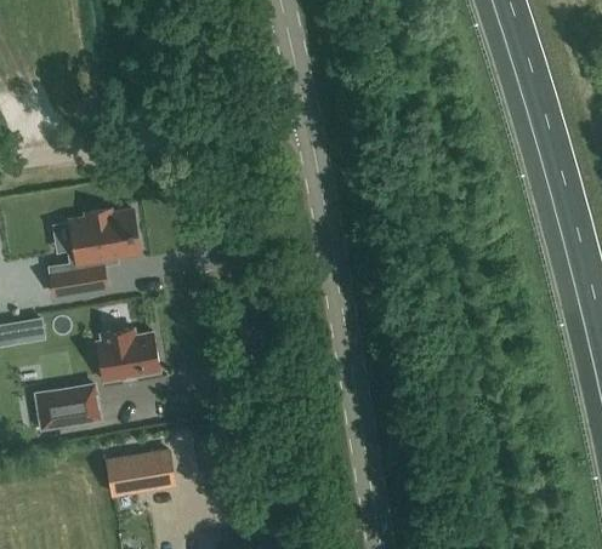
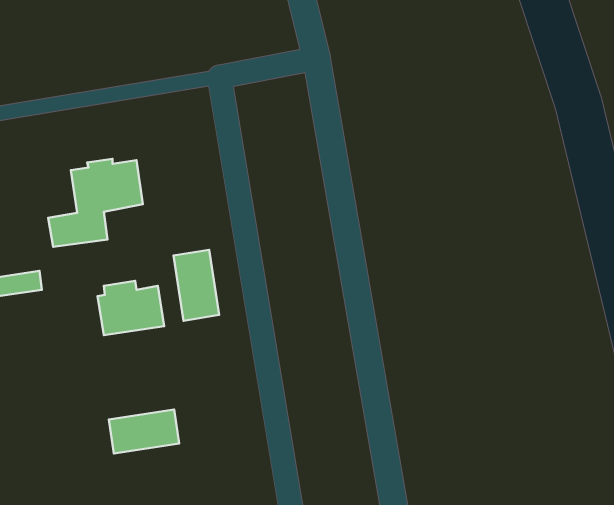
building: none -> [173,250,219,321]
building: [36,384,100,427] -> none

